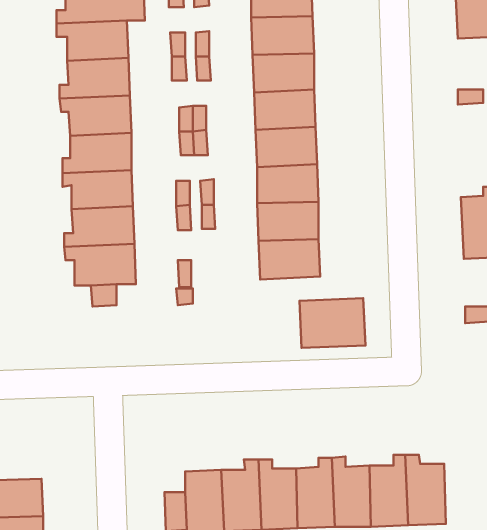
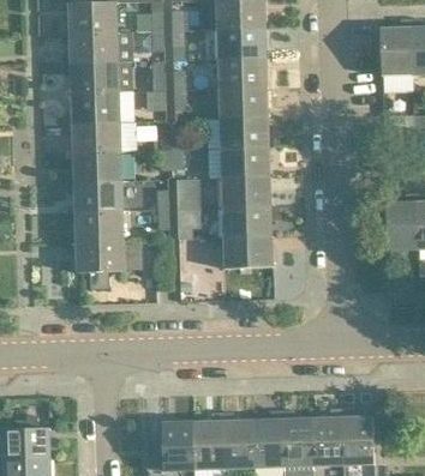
building: [299,298,366,348] -> none

